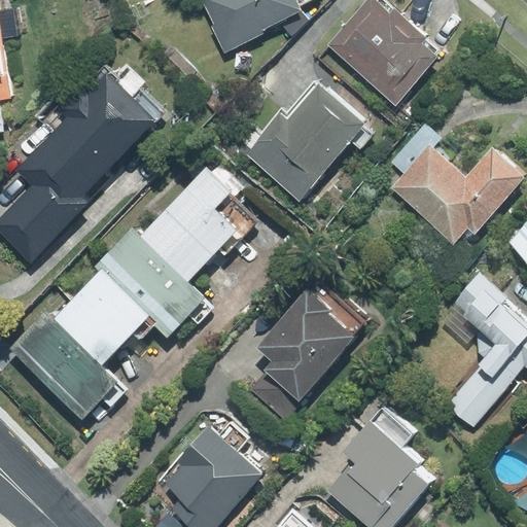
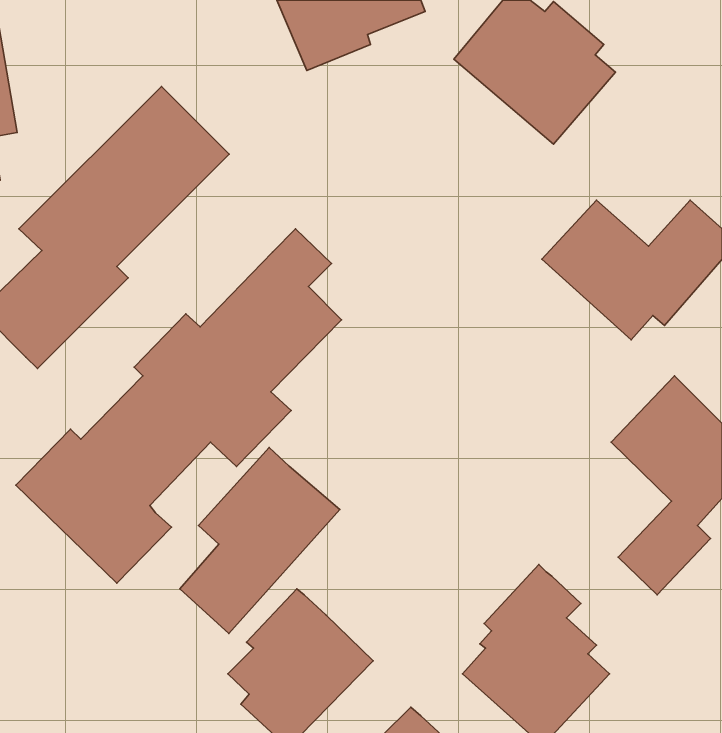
building: [243,80,367,201] -> none
building: [247,288,361,421] -> [180,448,340,633]

